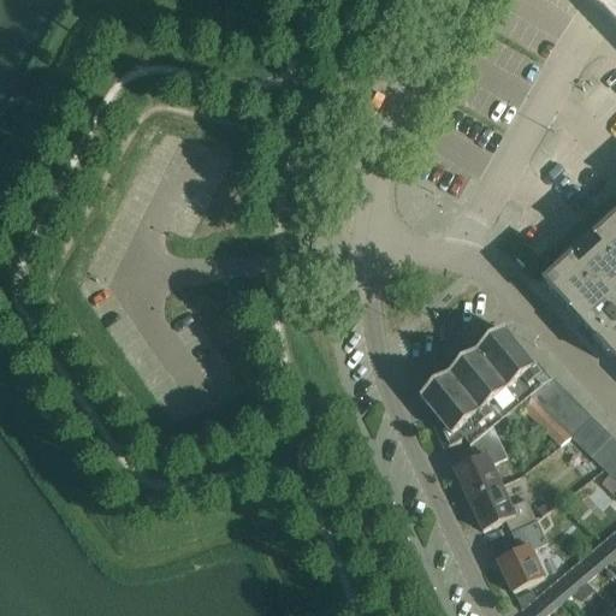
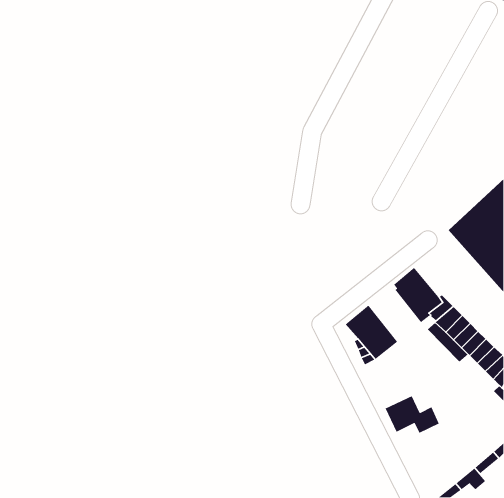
building: [449,346,513,416] -> none
building: [454,422,507,497] -> none
building: [497,516,546,588] -> none

